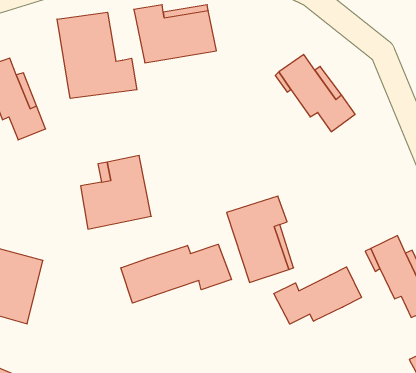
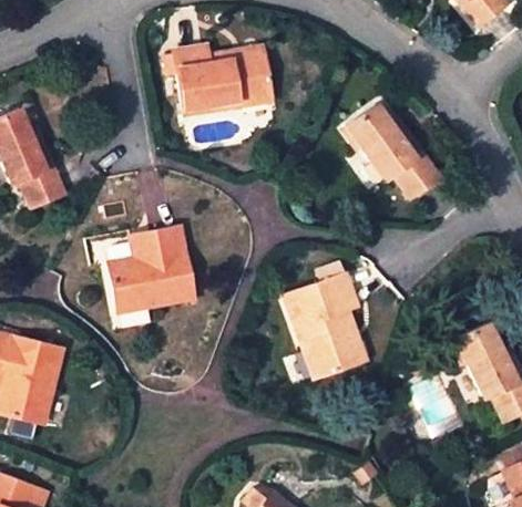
building: [57,12,137,98] -> none
building: [121,244,231,303] -> none
building: [274,267,361,324] -> none

